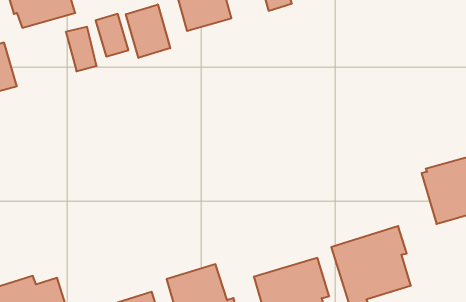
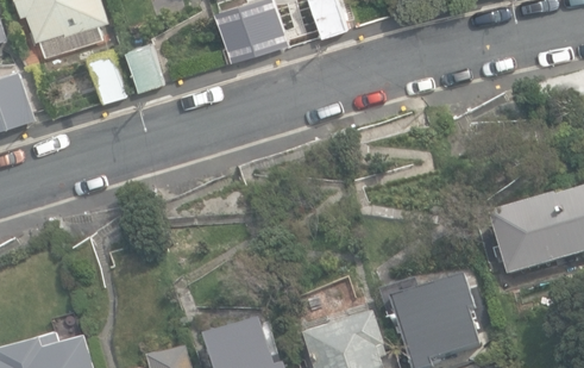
building: [126,4,170,58] -> none

